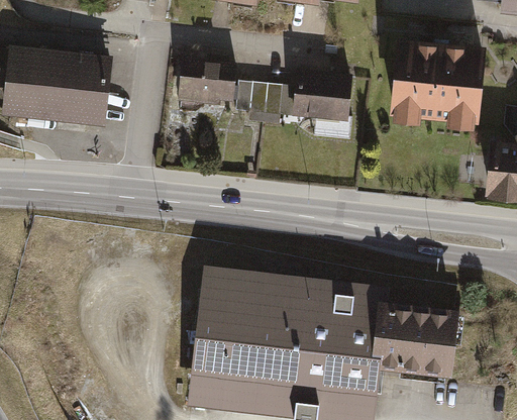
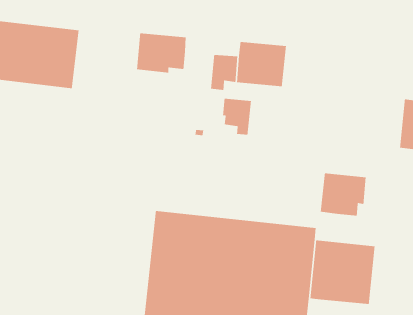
building: [385,35,485,130] -> none
building: [234,82,269,125] -> [222,98,252,135]
building: none -> [320,173,367,216]

